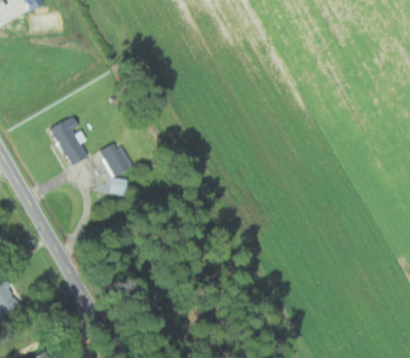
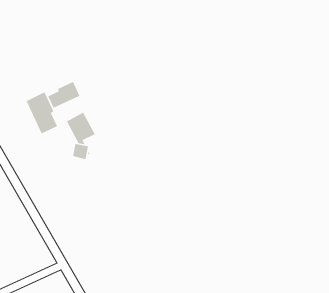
building: none -> [47,81,80,109]

